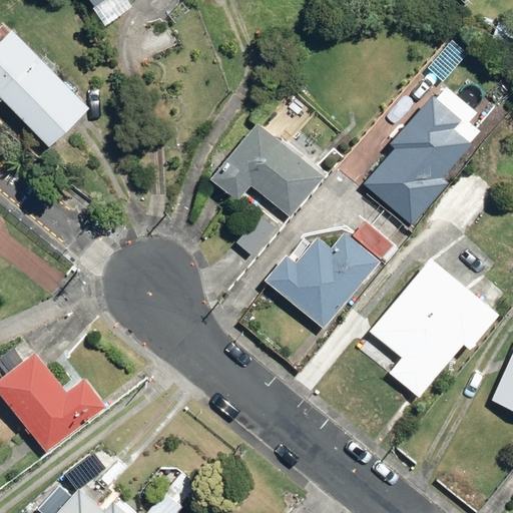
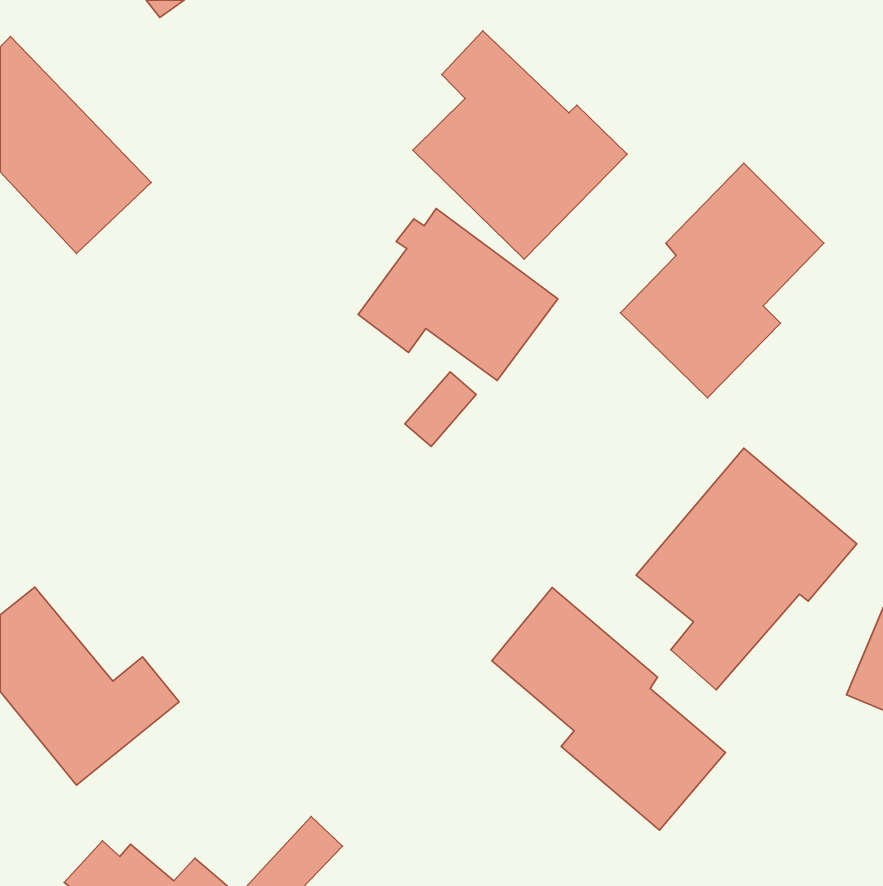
building: none -> [413,31,627,259]
building: [265,224,393,329] -> none
building: none -> [492,588,725,830]

